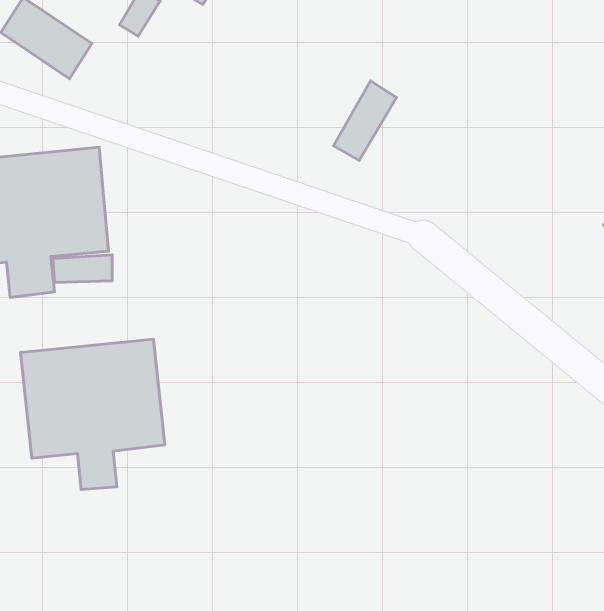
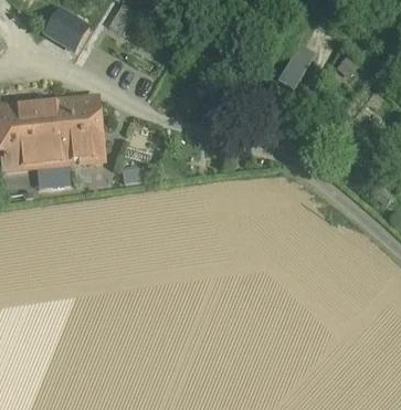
building: [333,81,396,161] -> [278,41,316,88]
building: [20,339,165,489] -> none

